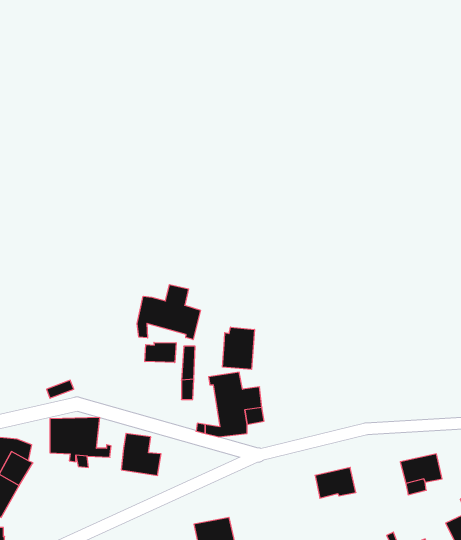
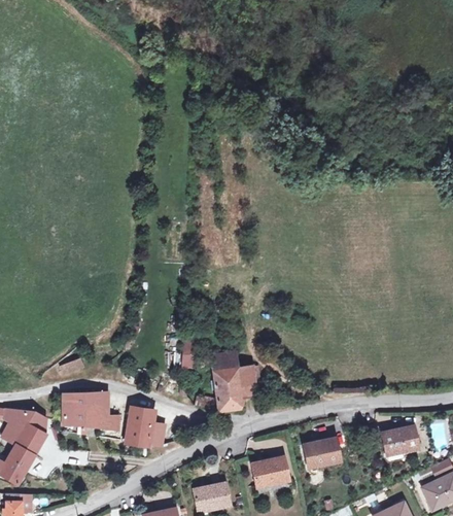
building: [137,285,201,340] -> none
building: [223,327,254,369] -> none
building: [145,342,176,363] -> none
building: none -> [252,457,288,484]

